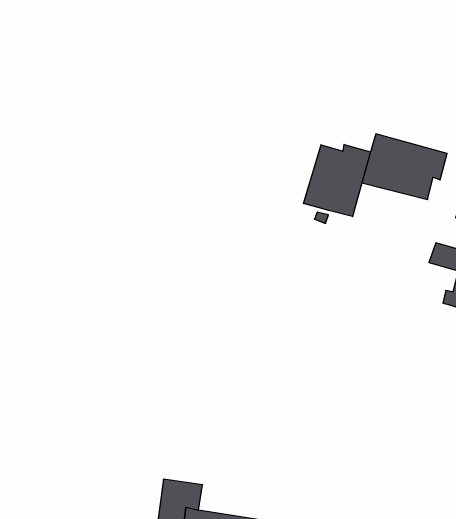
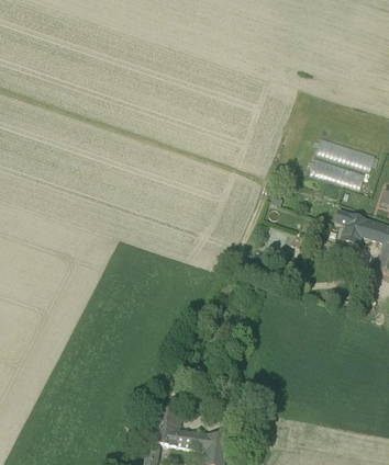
building: [304,144,370,217] -> none
building: none -> [335,211,367,245]

